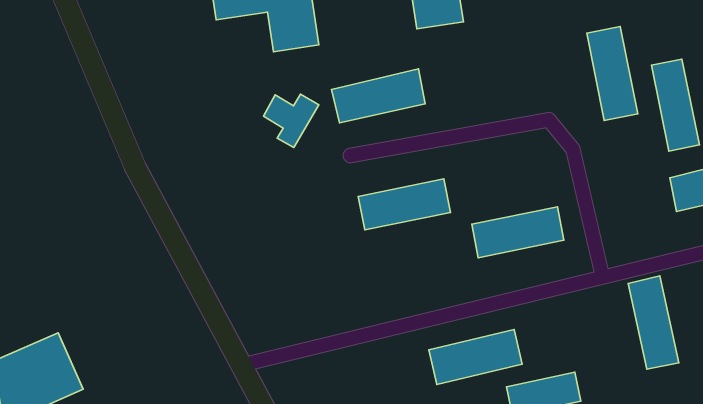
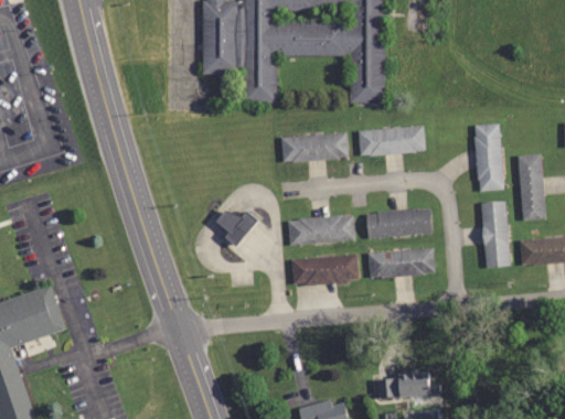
building: none -> [358,125,426,154]
building: [264,94,319,148] -> [216,207,258,248]
building: none -> [366,207,431,237]
building: [628,276,679,369] -> [481,200,510,267]
building: [429,330,522,385] -> [291,254,359,286]

